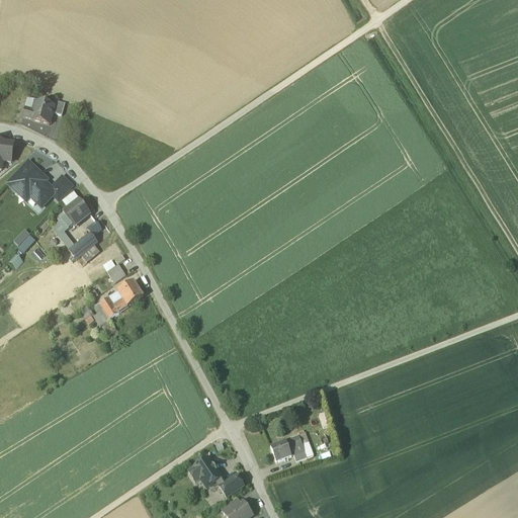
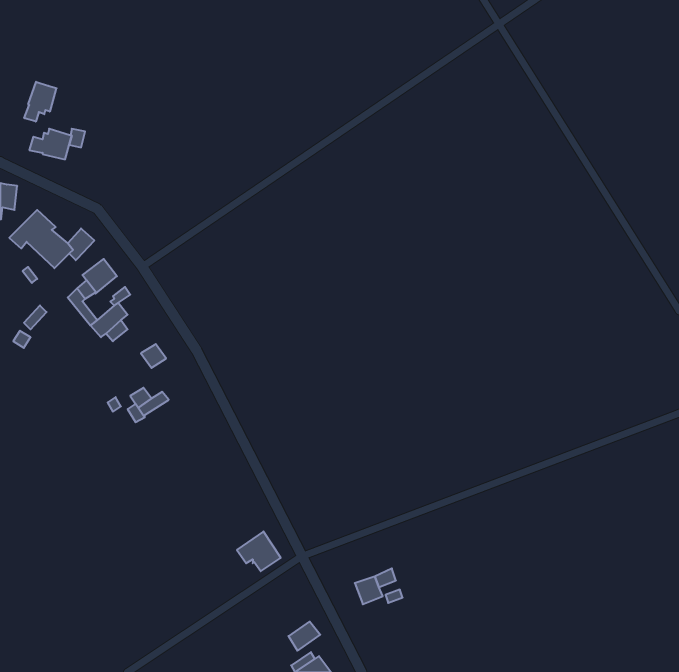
building: none -> [24,82,57,122]
building: [118,279,144,306] -> none
building: [188,455,222,486] -> [237,531,281,571]

